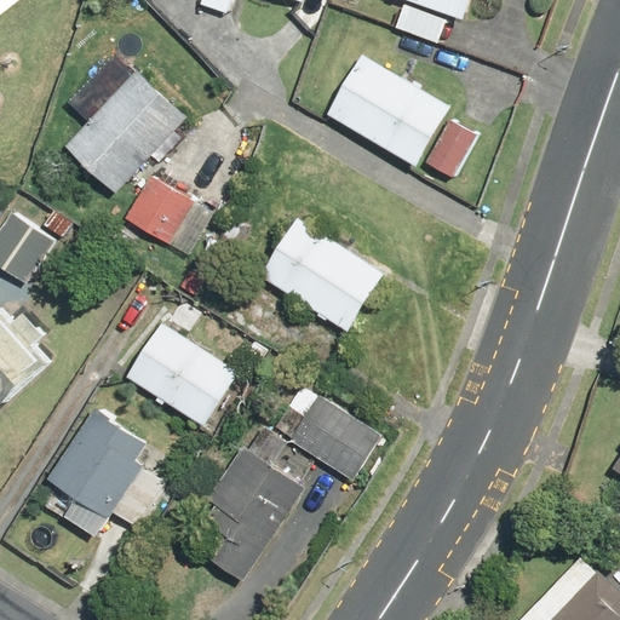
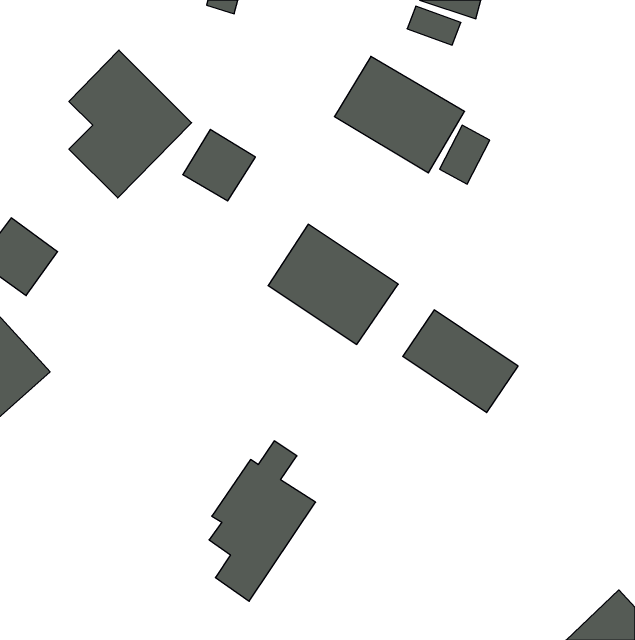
building: [122,174,193,243] -> [183,129,255,201]
building: [126,321,240,426] -> none
building: [270,381,381,481] -> [403,310,518,413]
building: [44,406,184,536] -> none

